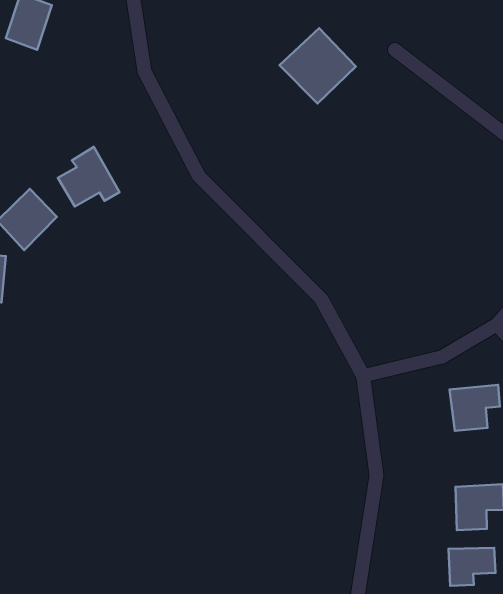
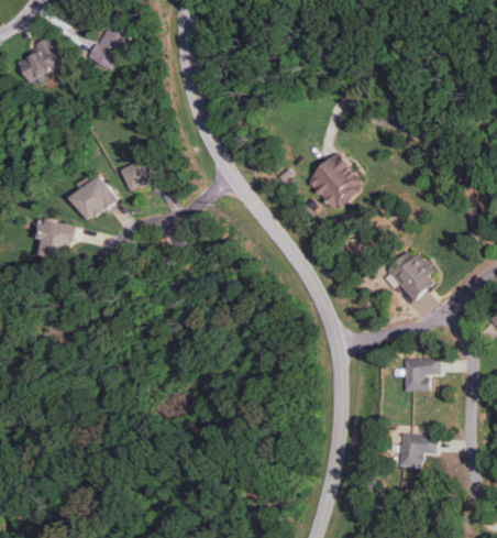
building: [279,28,356,103] -> [307,153,365,210]
building: none -> [385,251,439,300]
building: [448,548,495,586] -> none

